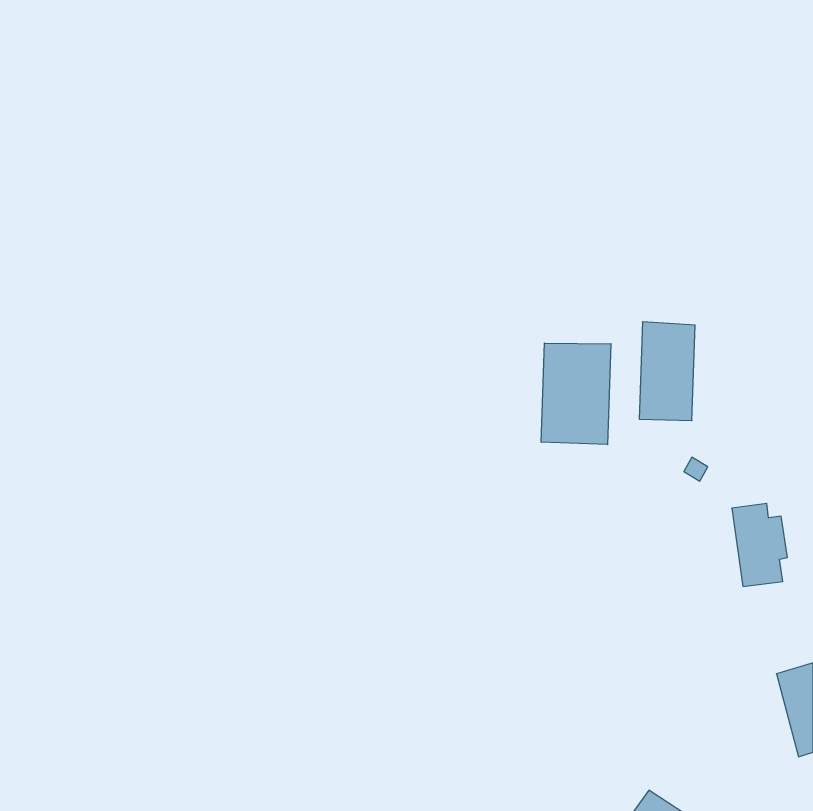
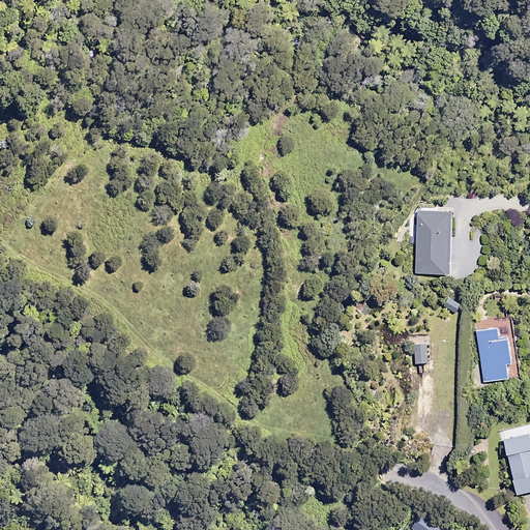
building: [541,343,611,445] -> none

